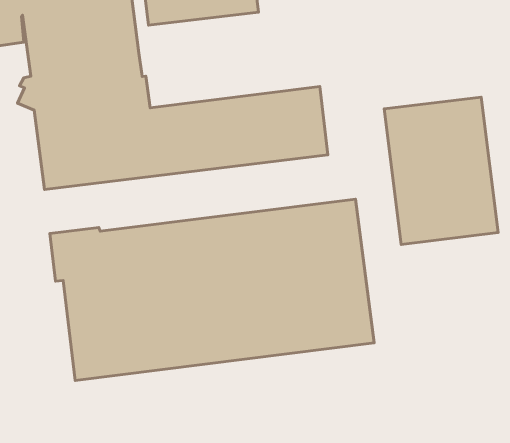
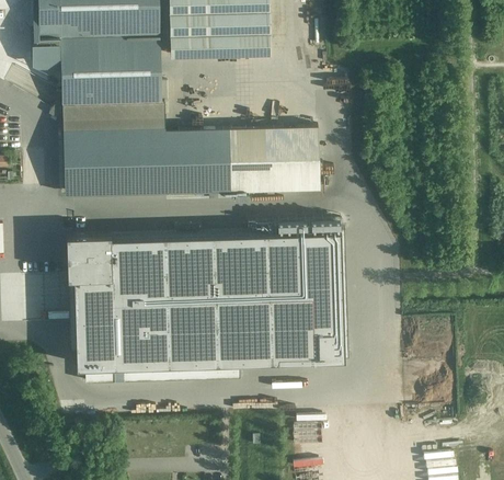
building: [384,97,498,244] -> none

